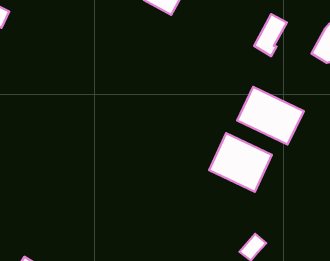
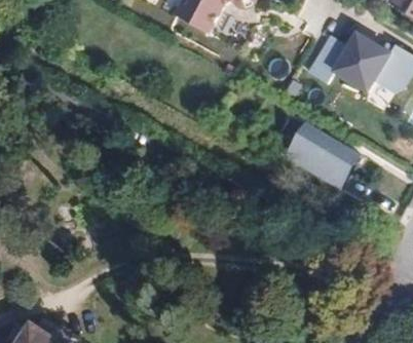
building: none -> [329,30,390,93]
building: [209,133,272,192] -> none

